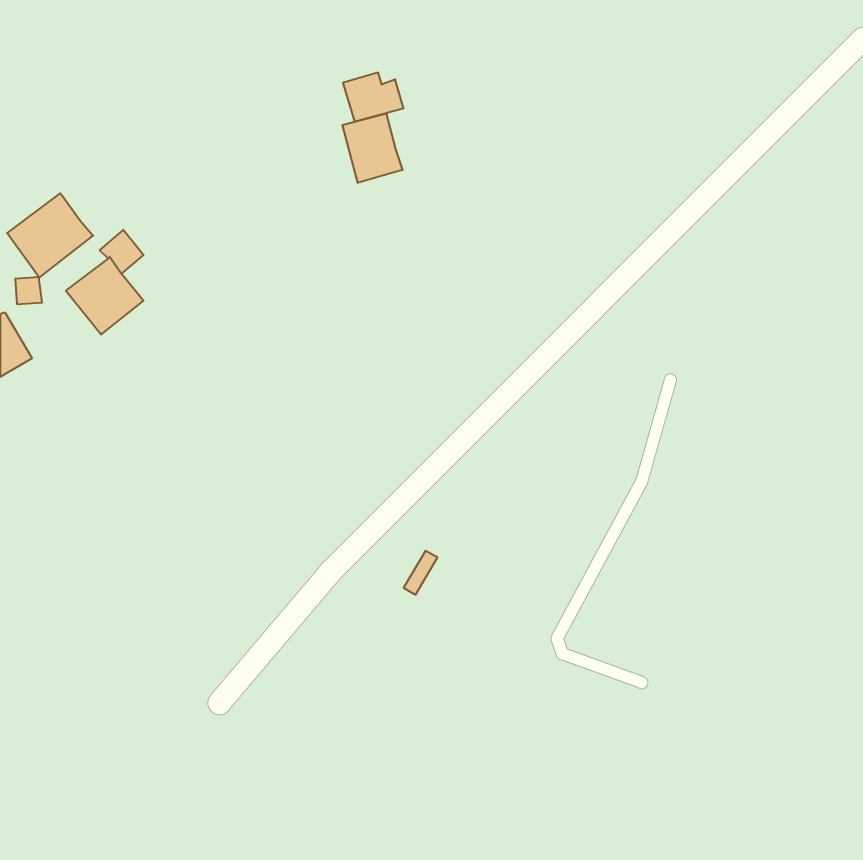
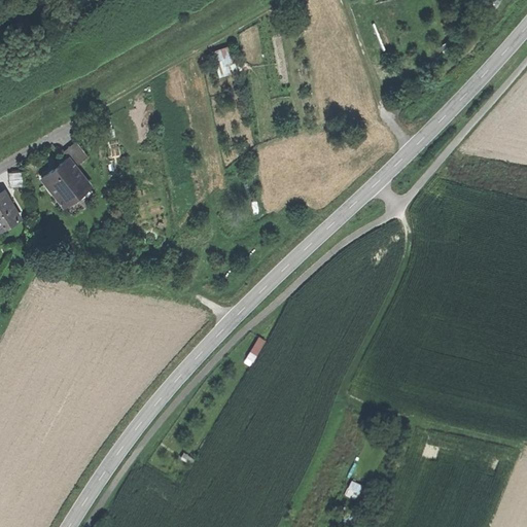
building: [342,113,402,183] -> none
building: [7,193,93,277] -> none

